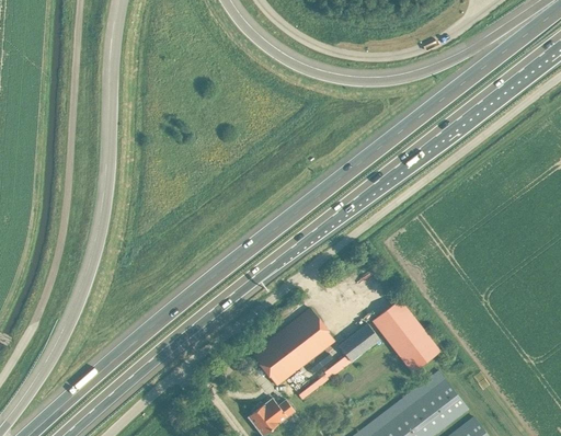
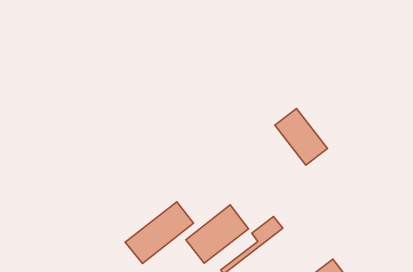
building: [371,298,440,372] -> [275,108,327,165]
building: none -> [125,202,193,264]

